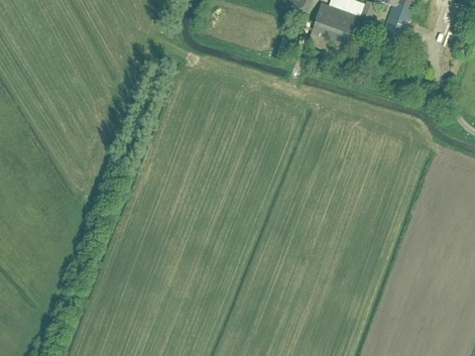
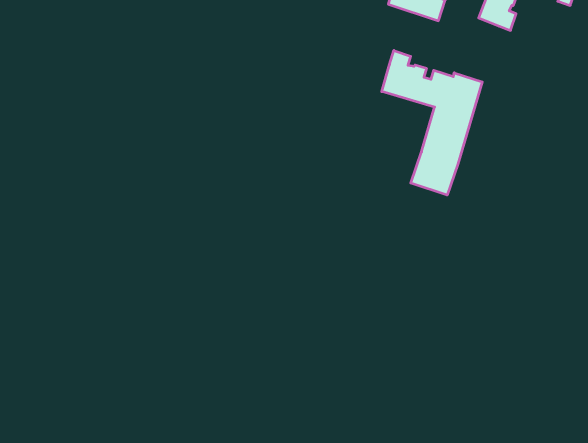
building: none -> [382,50,482,195]

